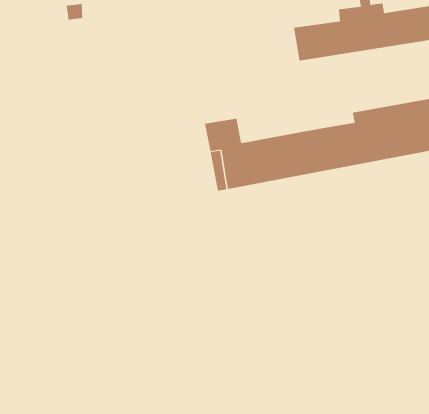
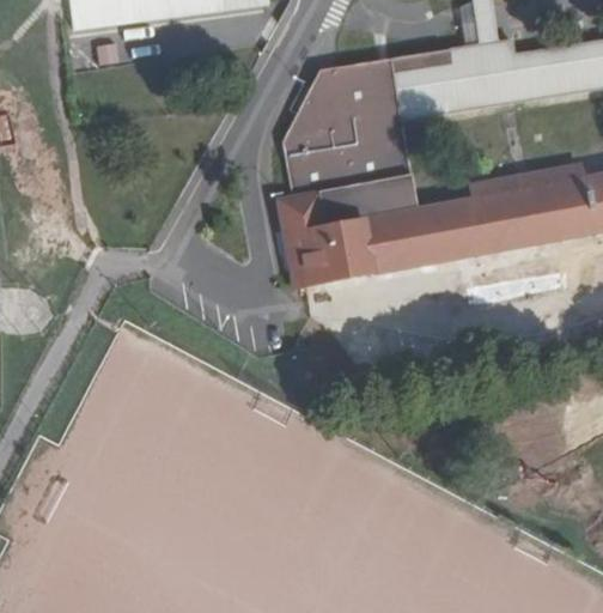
building: none -> [281,50,455,225]

